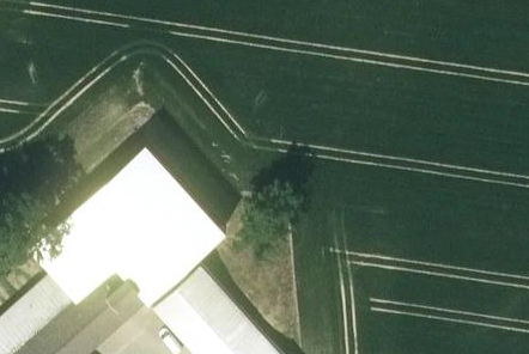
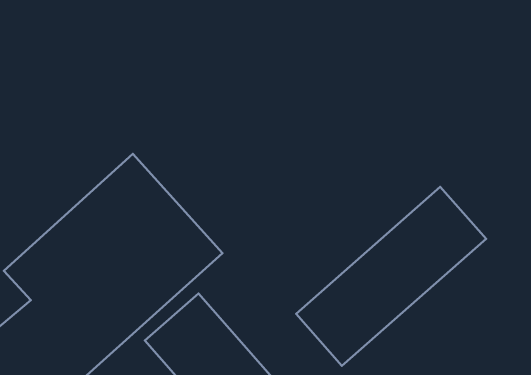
building: none -> [296,187,486,366]

